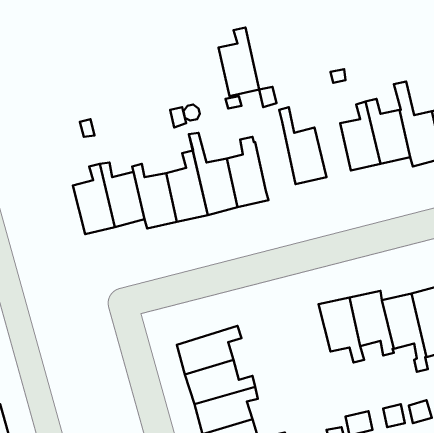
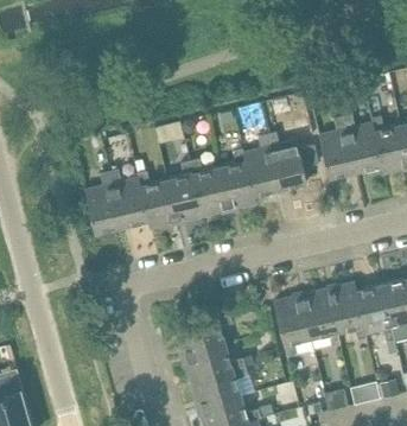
building: [219,27,259,96] -> [244,136,280,197]
building: none -> [274,297,311,358]

